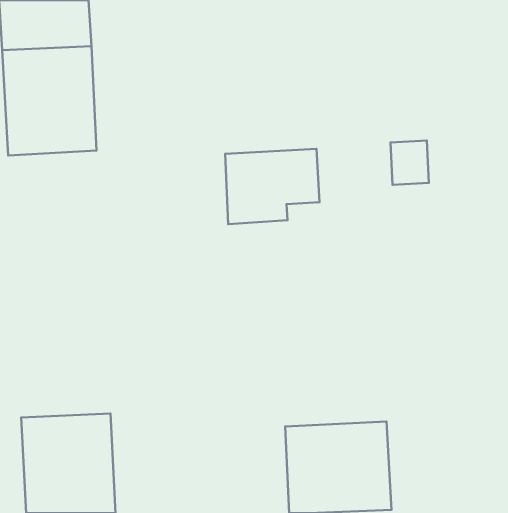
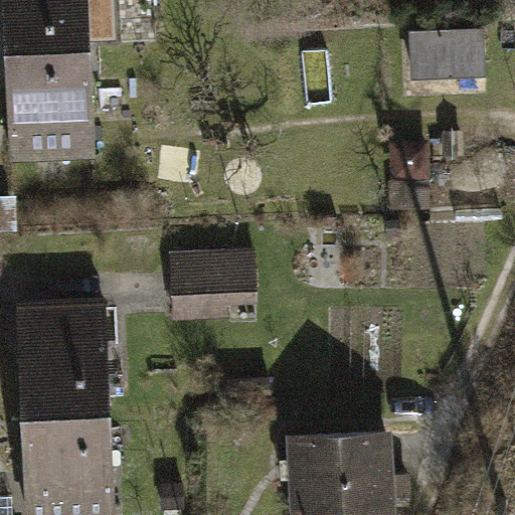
building: none -> [407,31,491,92]
building: [225,149,319,224] -> [167,247,262,323]
building: none -> [16,310,111,418]

